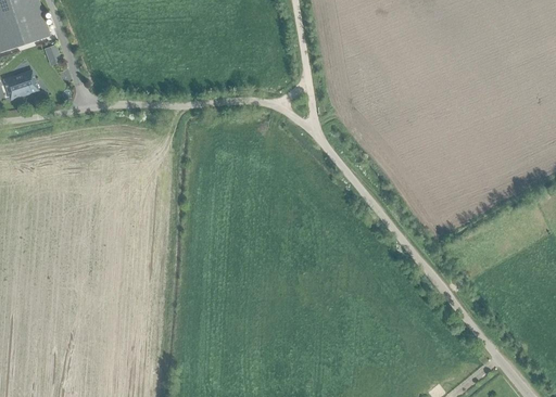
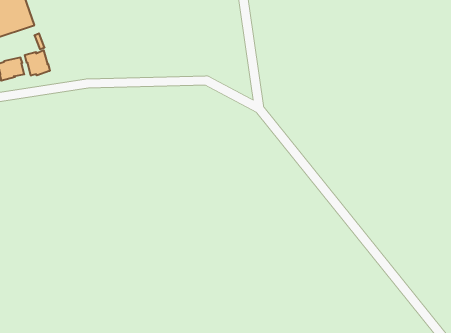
building: none -> [25,50,50,76]

